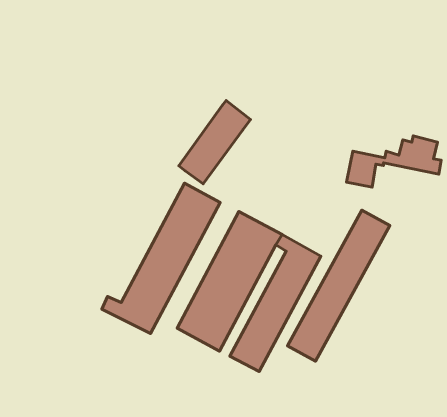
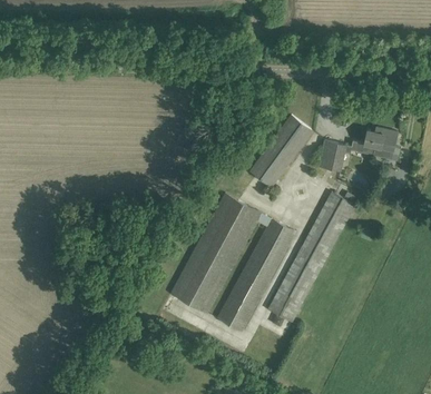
building: [179,100,251,184] -> [251,115,313,187]
building: [102,183,220,333] -> none

